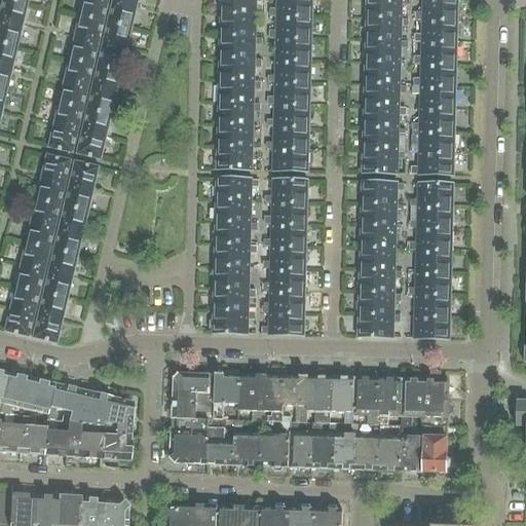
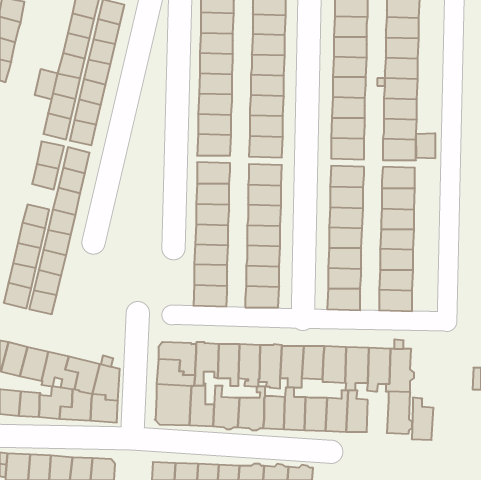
building: none -> [35,69,57,99]
building: none -> [416,133,435,158]
building: [30,200,59,228] -> none
building: [400,425,423,472] -> [412,398,434,440]

